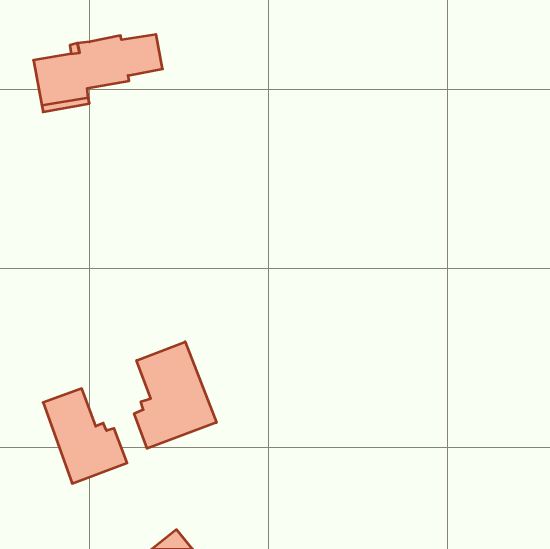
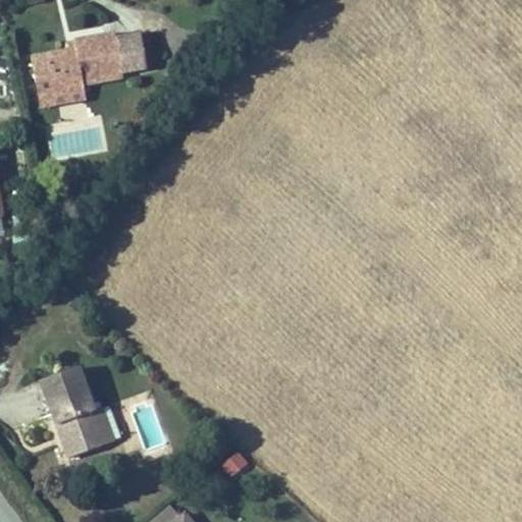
building: [134,342,216,448] -> none

